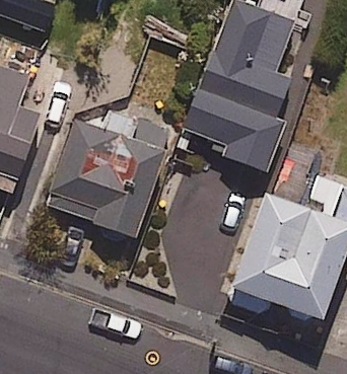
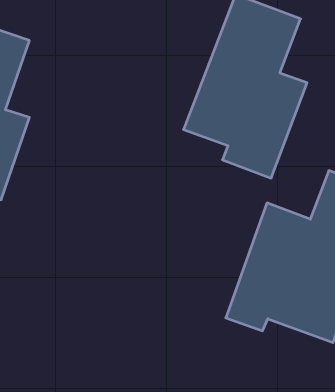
building: [47,111,165,233] -> none

